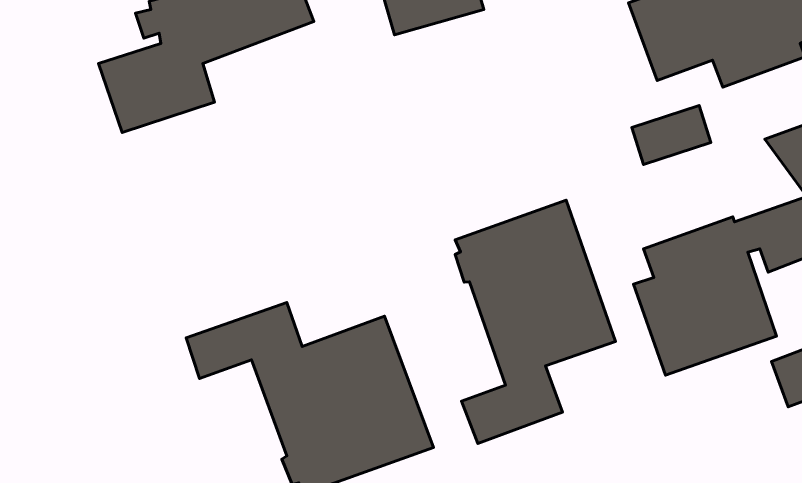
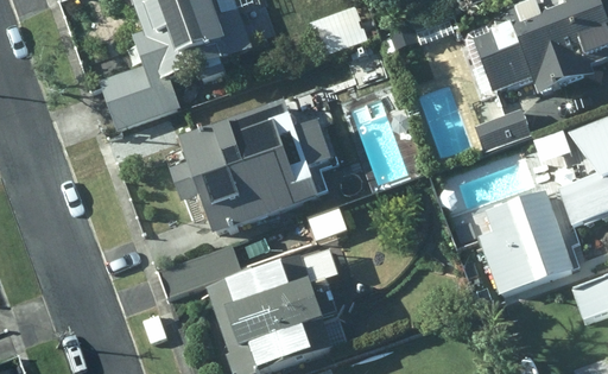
building: none -> [172,100,332,233]
building: [455,200,616,444] -> none

